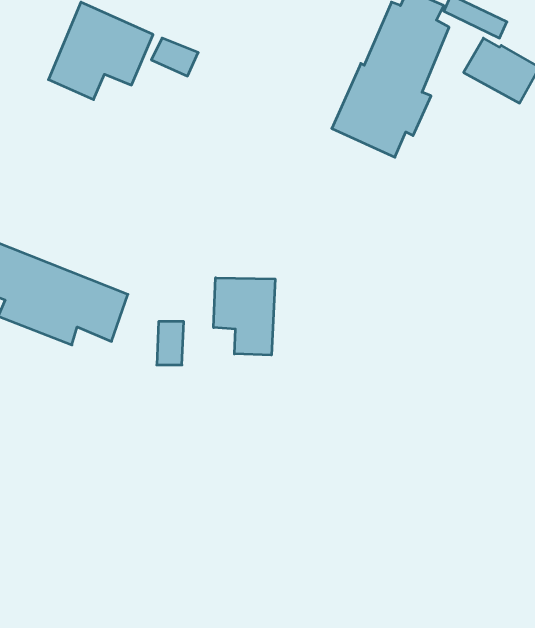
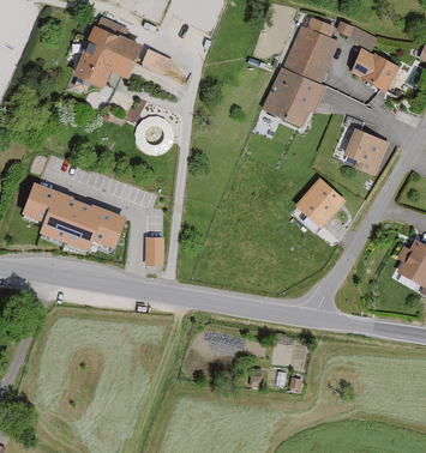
building: none -> [350,128,390,171]
building: none -> [293,177,346,229]
building: [214,278,275,355] -> none

